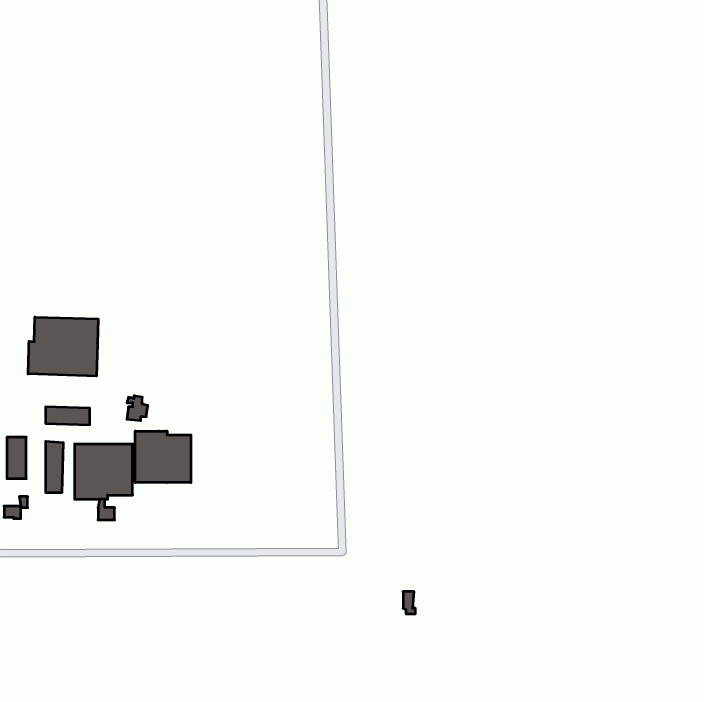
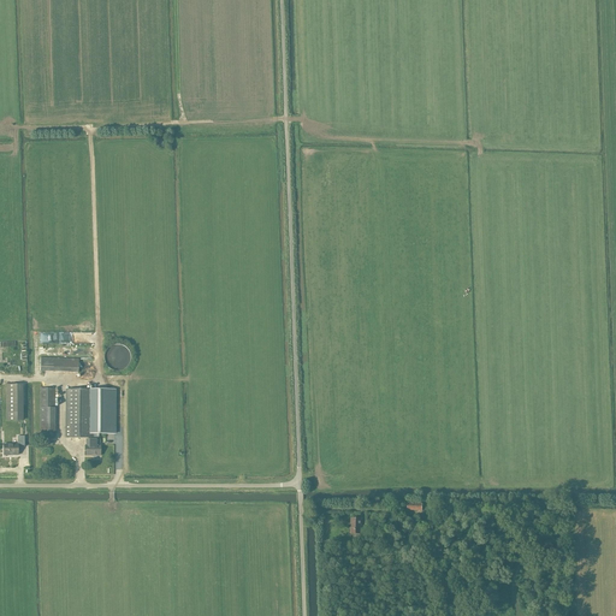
building: [28,317,98,376] -> none
building: [135,431,191,483] -> none

